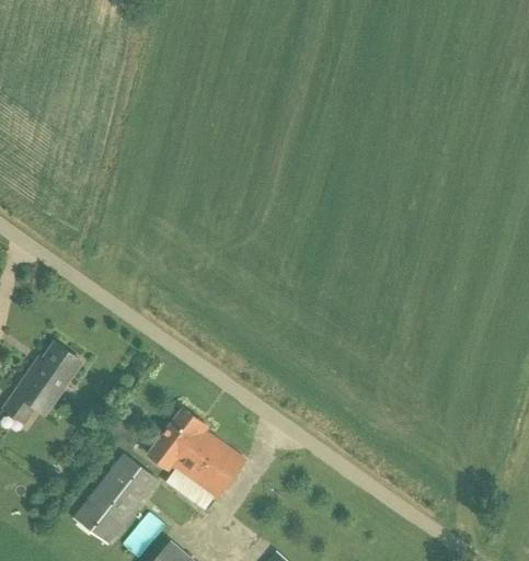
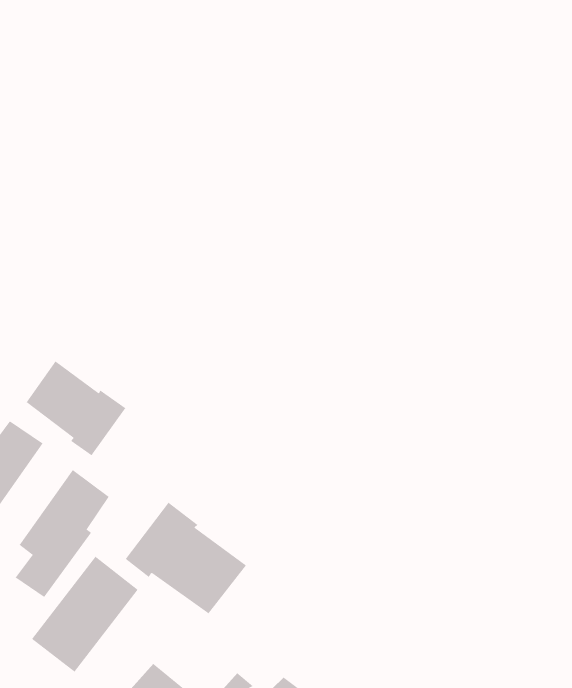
building: none -> [26,360,126,456]
building: none -> [15,469,109,598]

